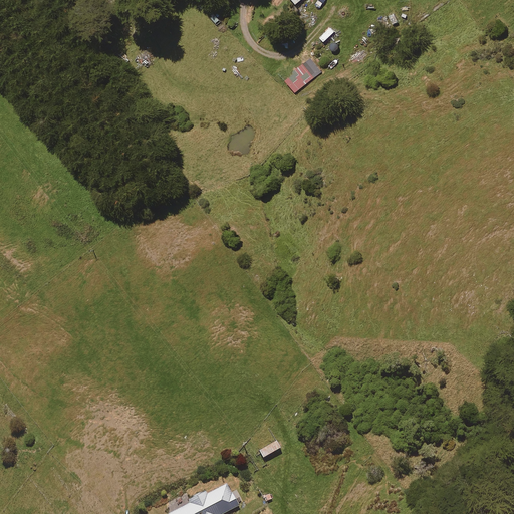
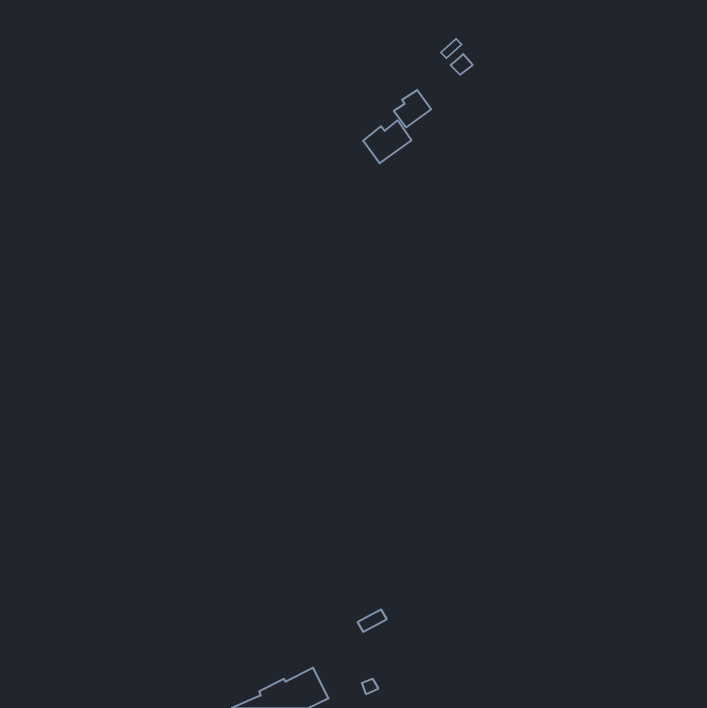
building: none -> [363,120,411,163]

